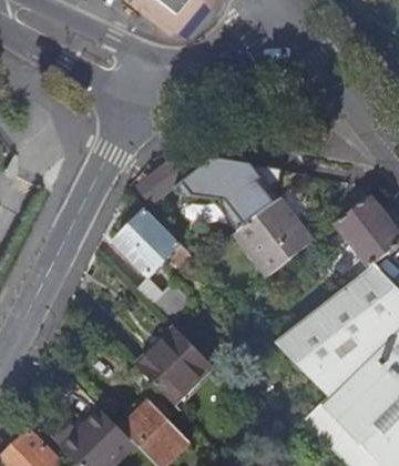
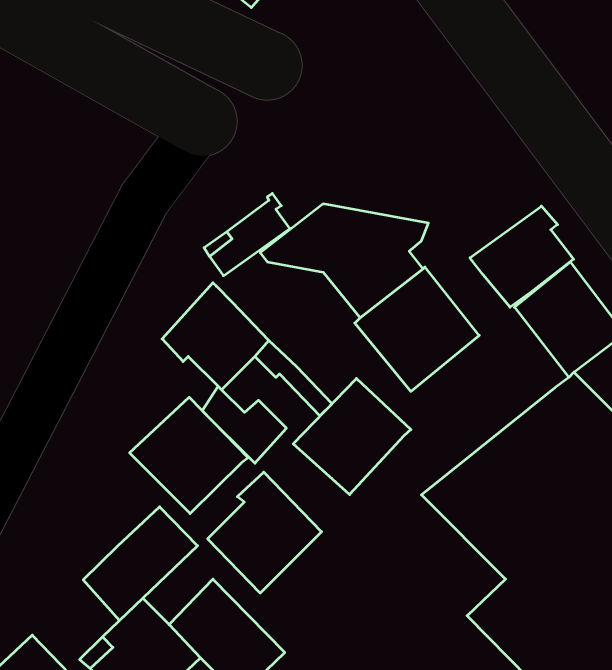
building: none -> [470,206,574,307]
building: none -> [293,378,411,495]
building: none -> [130,397,248,514]
building: none -> [83,507,198,621]

